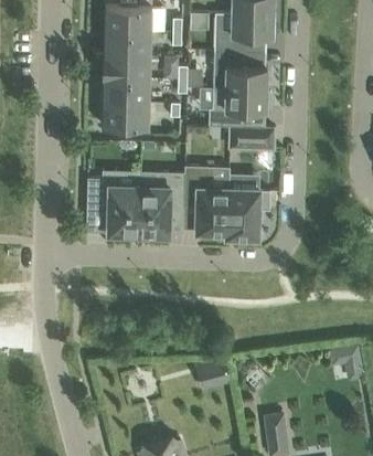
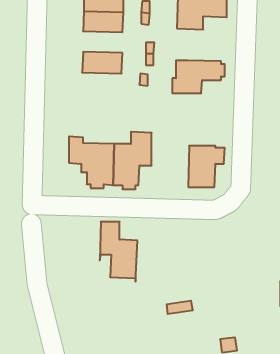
building: [214,51,267,89] -> none
building: [104,54,150,79] -> none
building: [102,103,149,132] -> none
building: [230,127,275,150] -> none
building: [184,167,228,237] -> [100,222,137,282]

